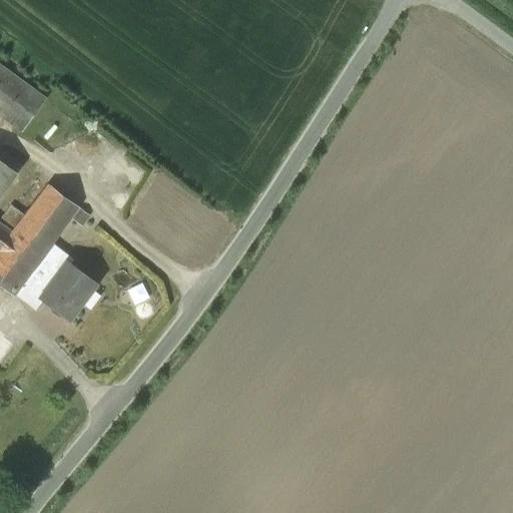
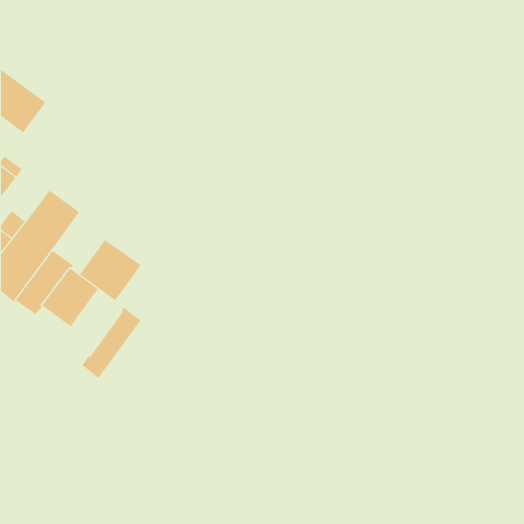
building: none -> [79,239,142,301]
building: none -> [82,307,141,378]

